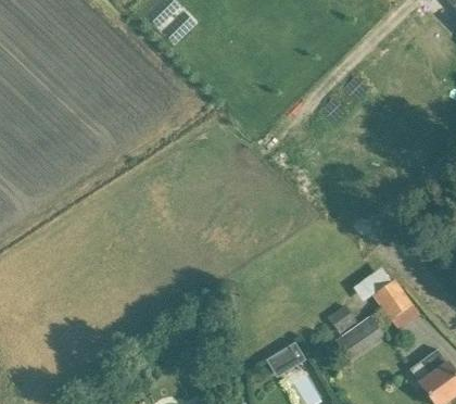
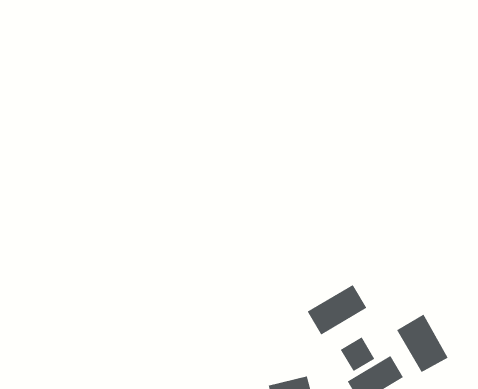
building: none -> [307,284,367,335]

